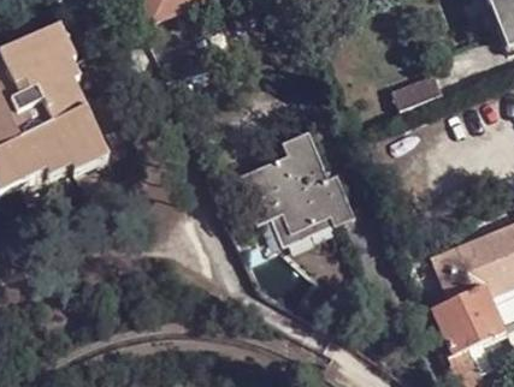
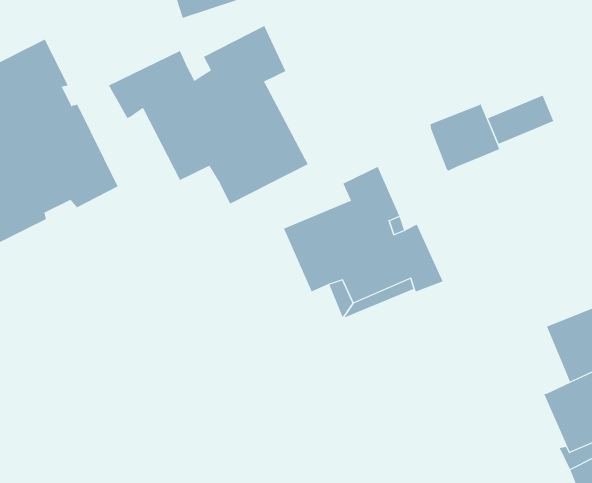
building: none -> [108,25,309,204]
building: none -> [430,103,500,171]

